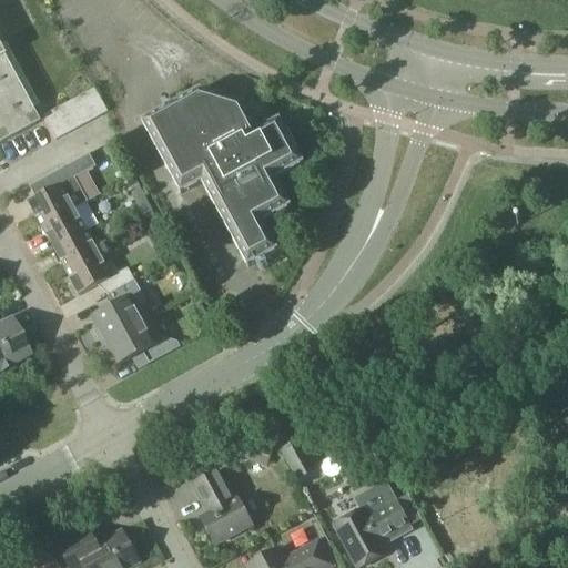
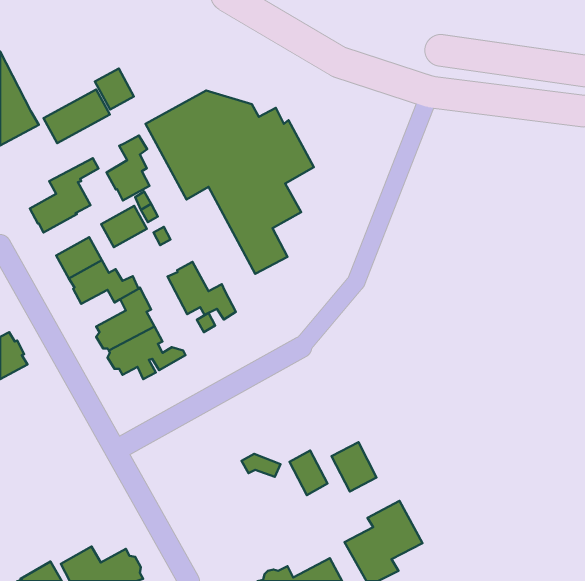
building: none -> [95,68,134,110]
building: none -> [107,136,150,200]
building: [42,207,87,247] -> [101,206,147,247]
building: none -> [167,262,236,319]
building: none -> [331,442,377,491]
building: [193,470,252,544] -> none

